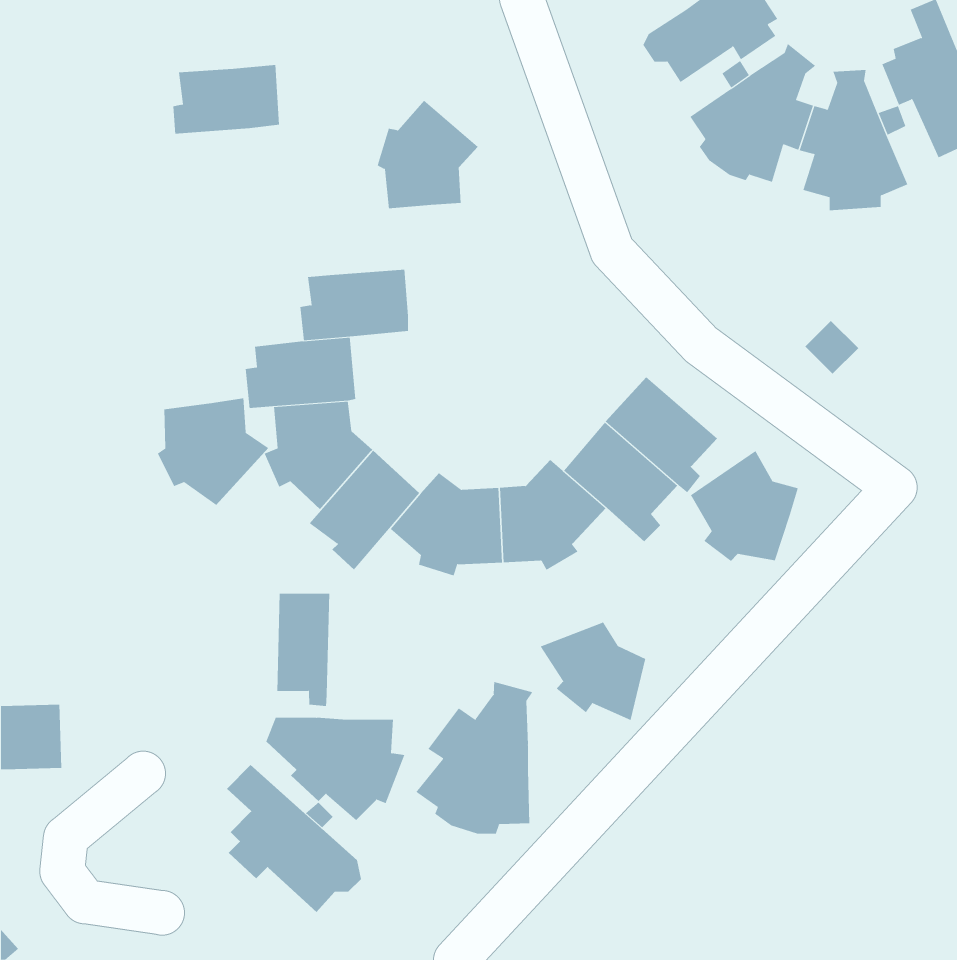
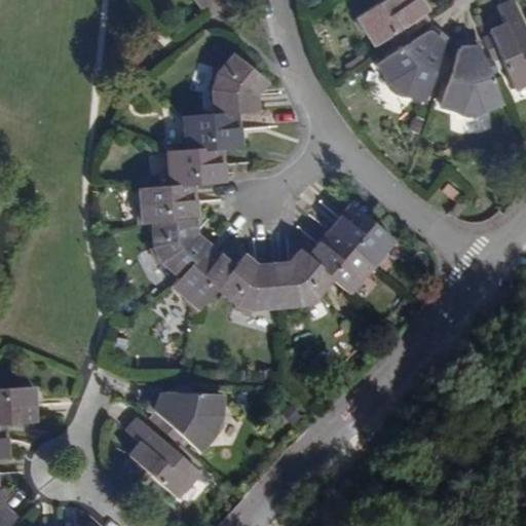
building: [173,65,280,134] -> [182,112,240,150]
building: [157,397,269,506] -> none
building: [690,450,798,562] -> none
building: [277,593,330,707] -> none
building: [540,621,646,721] -> none
building: [415,681,533,835] -> none

